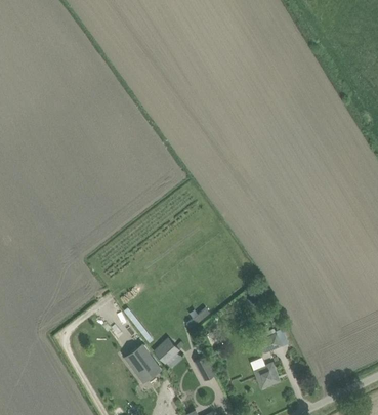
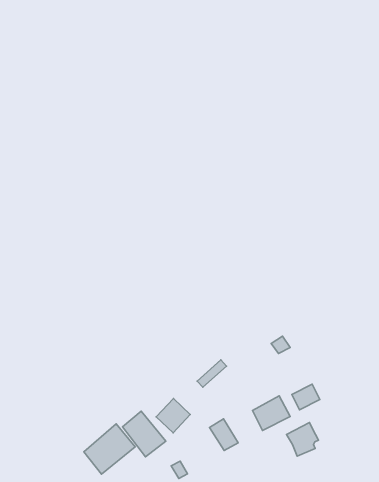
building: none -> [253,396,290,431]
building: none -> [84,424,135,474]

